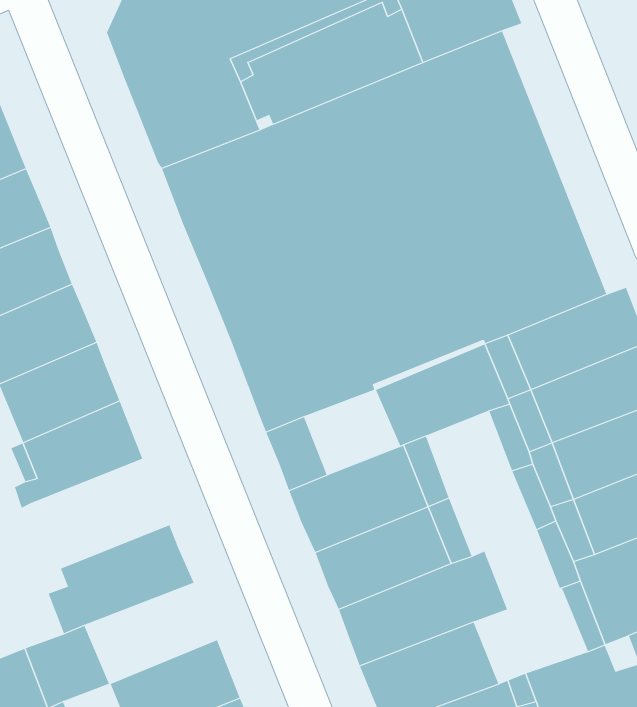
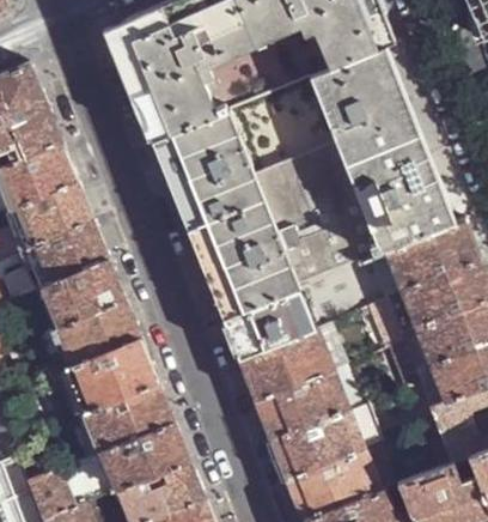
building: none -> [249,292,313,350]
building: none -> [65,339,158,413]
building: none -> [100,423,190,491]

